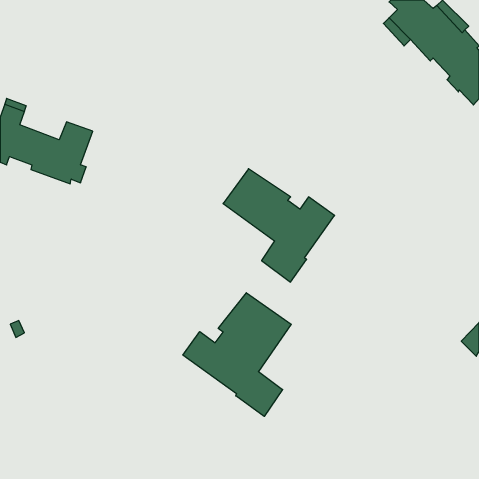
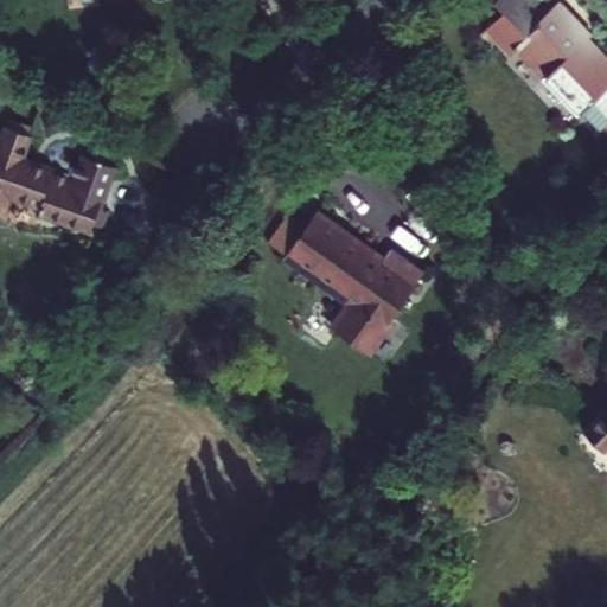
building: [183,293,291,416] -> none

